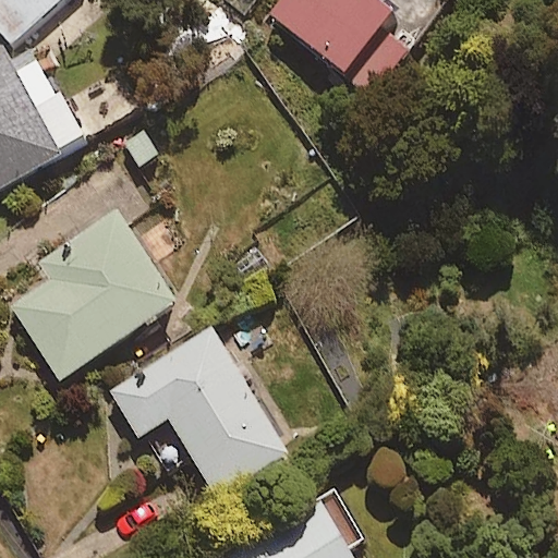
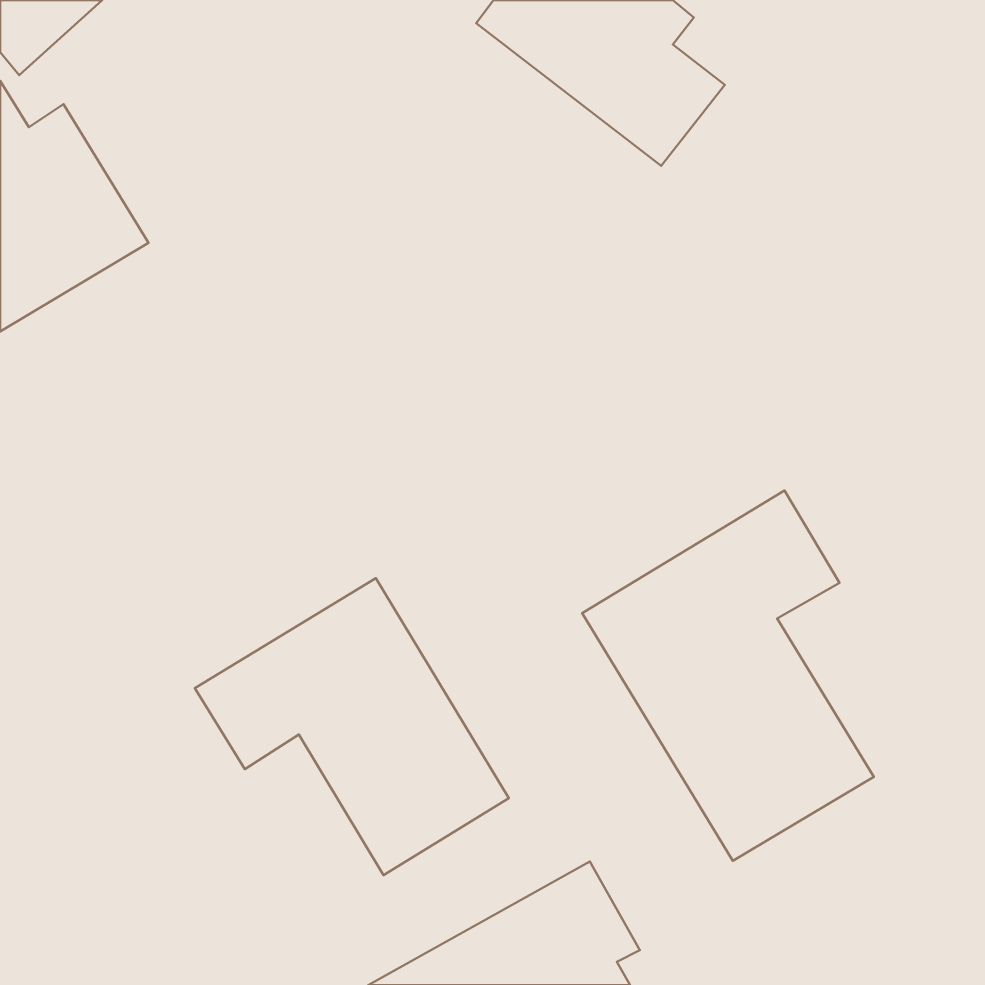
building: [12,210,177,378] -> none
building: none -> [582,490,874,861]

